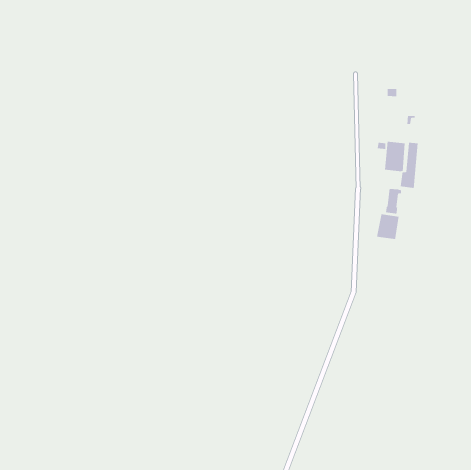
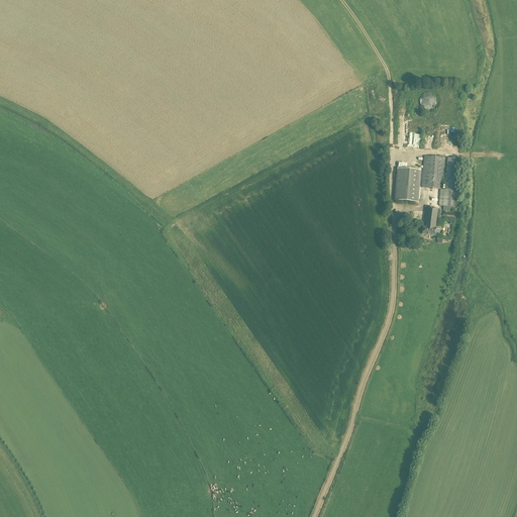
building: none -> [394,167,420,201]
building: [377,213,399,240] -> none

